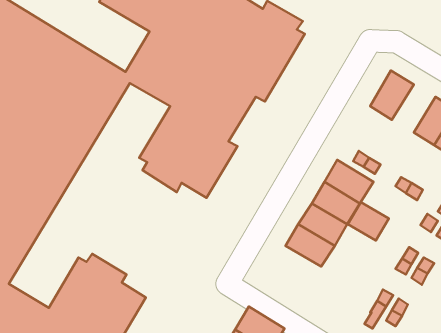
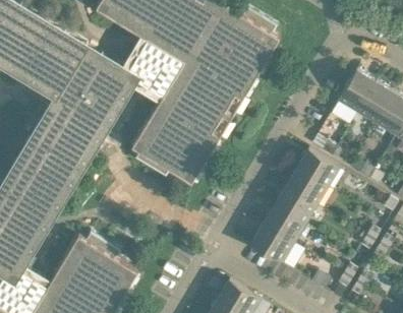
building: none -> [357,81,396,124]
building: [348,202,389,240] -> none
building: none -> [250,225,294,263]

